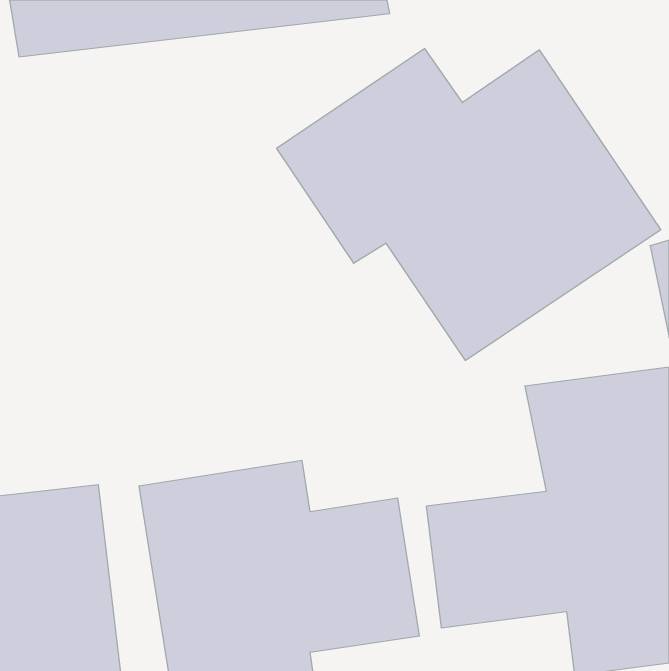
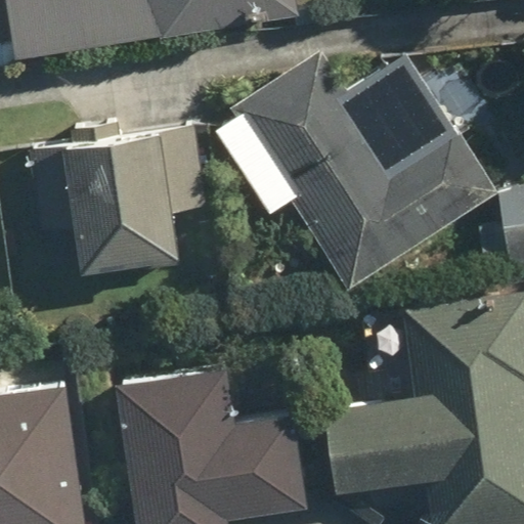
building: none -> [27,124,207,276]

